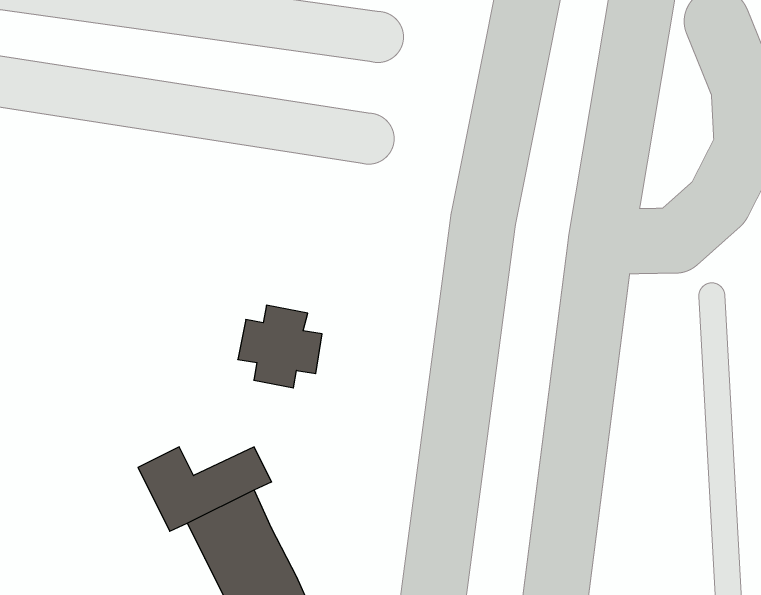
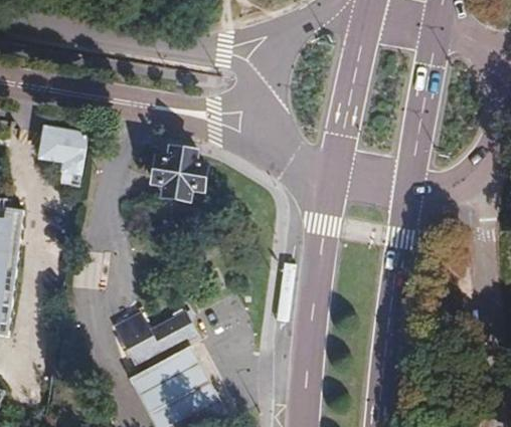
building: none -> [39,124,86,181]
building: [238,305,322,388] -> [147,150,200,202]

